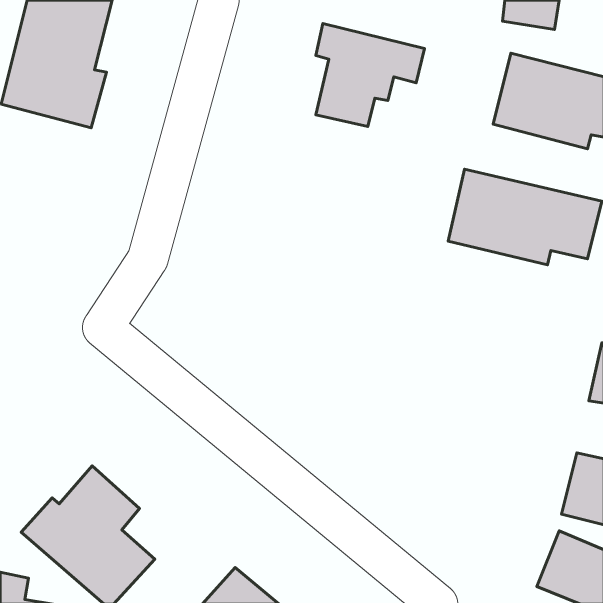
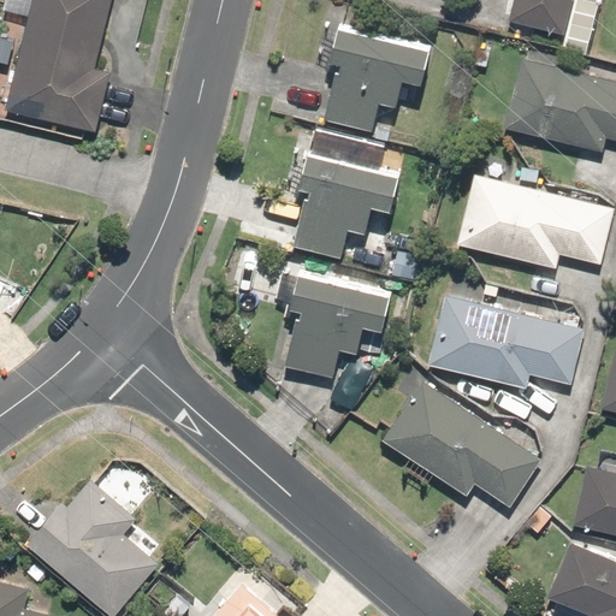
building: none -> [290,147,402,259]
building: none -> [284,276,390,380]
building: none -> [426,291,582,390]
building: none -> [381,379,540,505]

